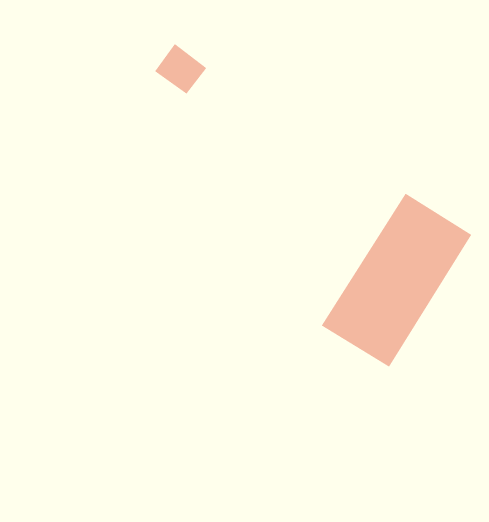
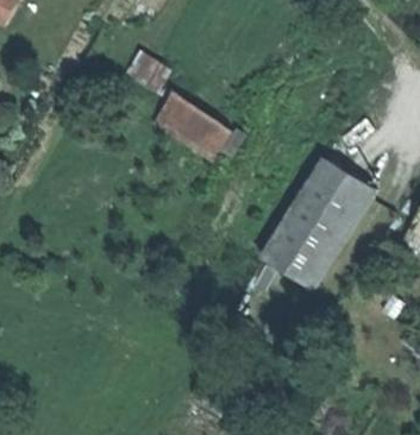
building: none -> [155,88,232,155]

